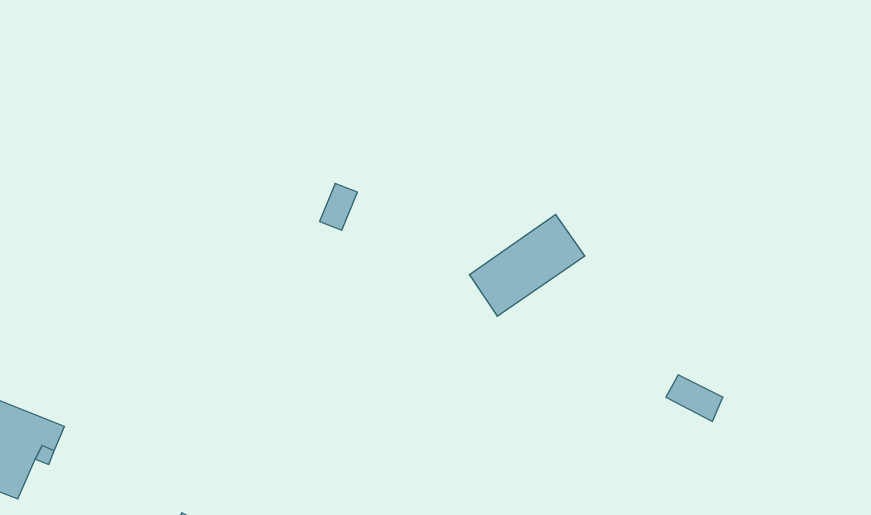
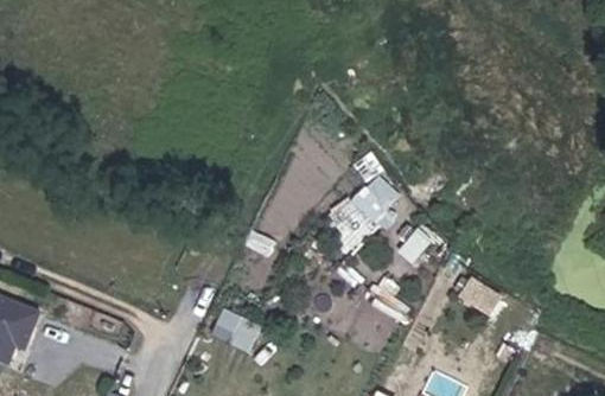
building: none -> [209,309,257,351]

